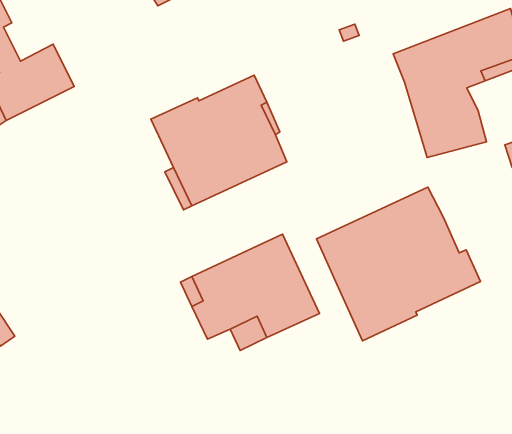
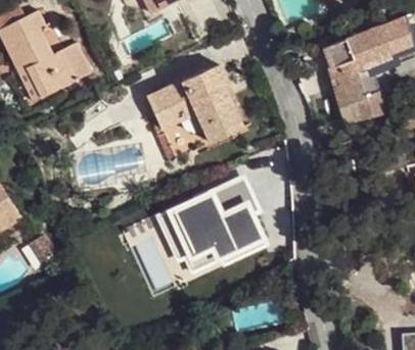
building: [317,187,480,341] -> none

